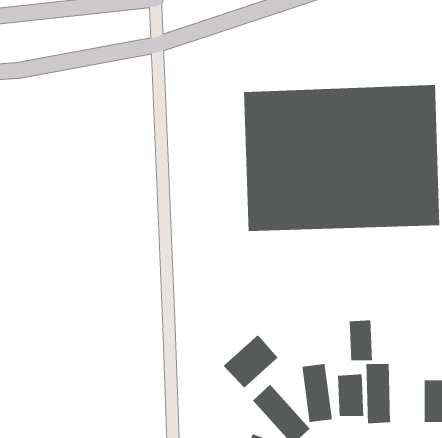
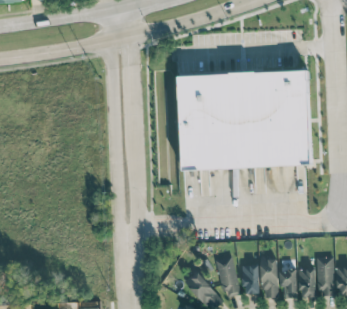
building: [349,319,373,361] -> [280,269,296,297]
building: [223,334,278,388] -> none

